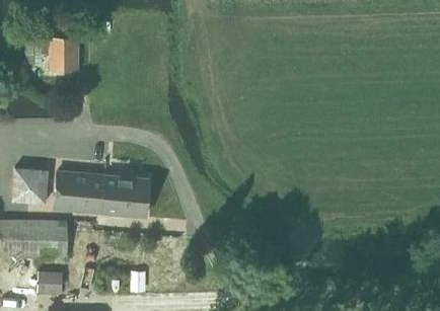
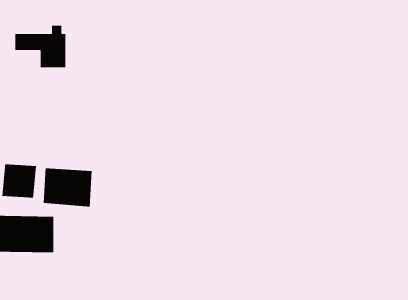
building: [101,175,148,216] -> none
building: [36,271,62,294] -> none

